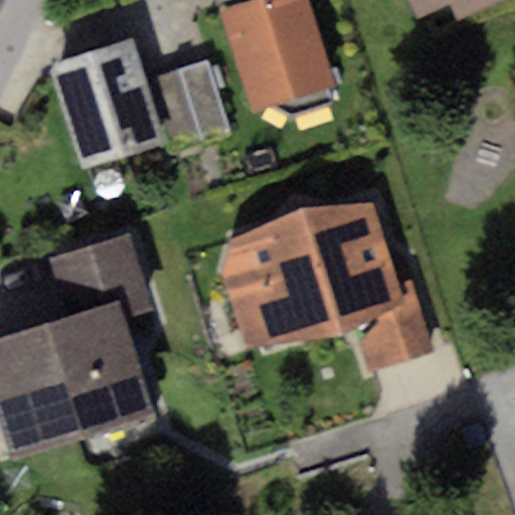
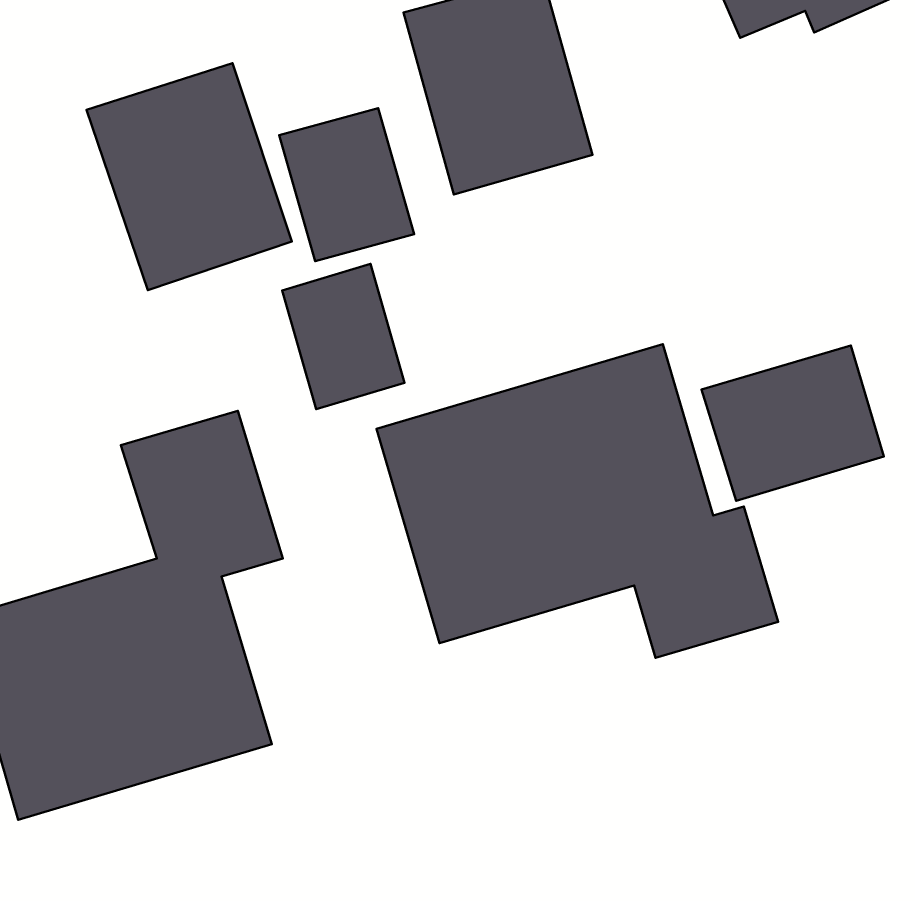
building: none -> [282,264,404,409]
building: none -> [701,345,884,501]

